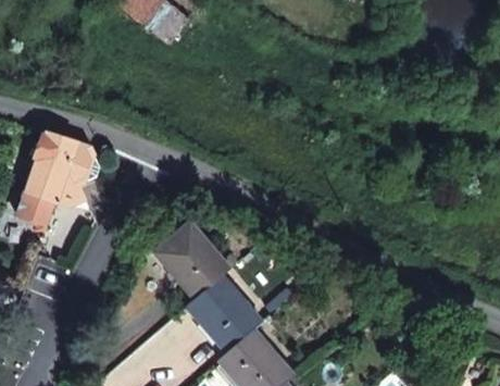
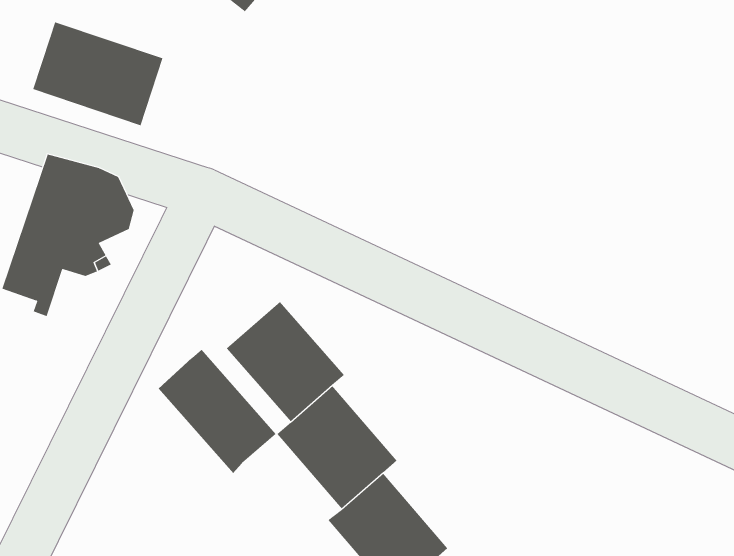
building: none -> [32,21,163,126]
building: none -> [158,349,277,474]

